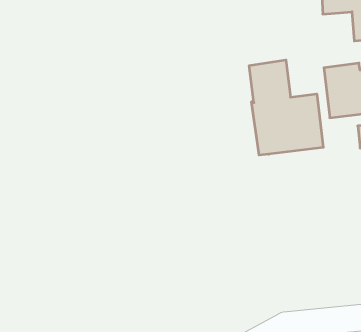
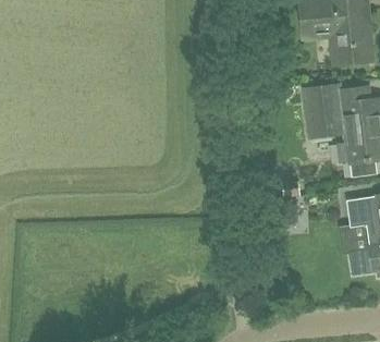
building: [249,60,323,155] -> none

